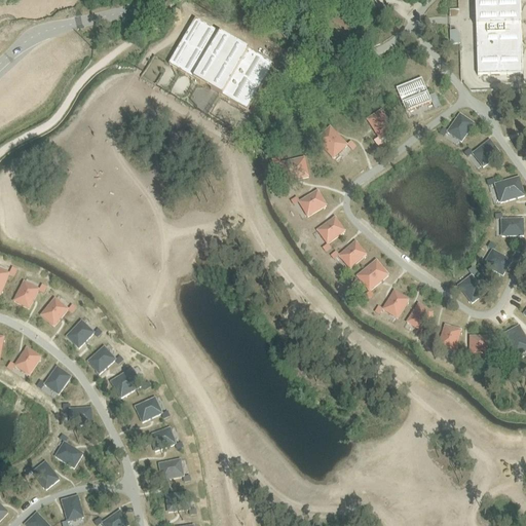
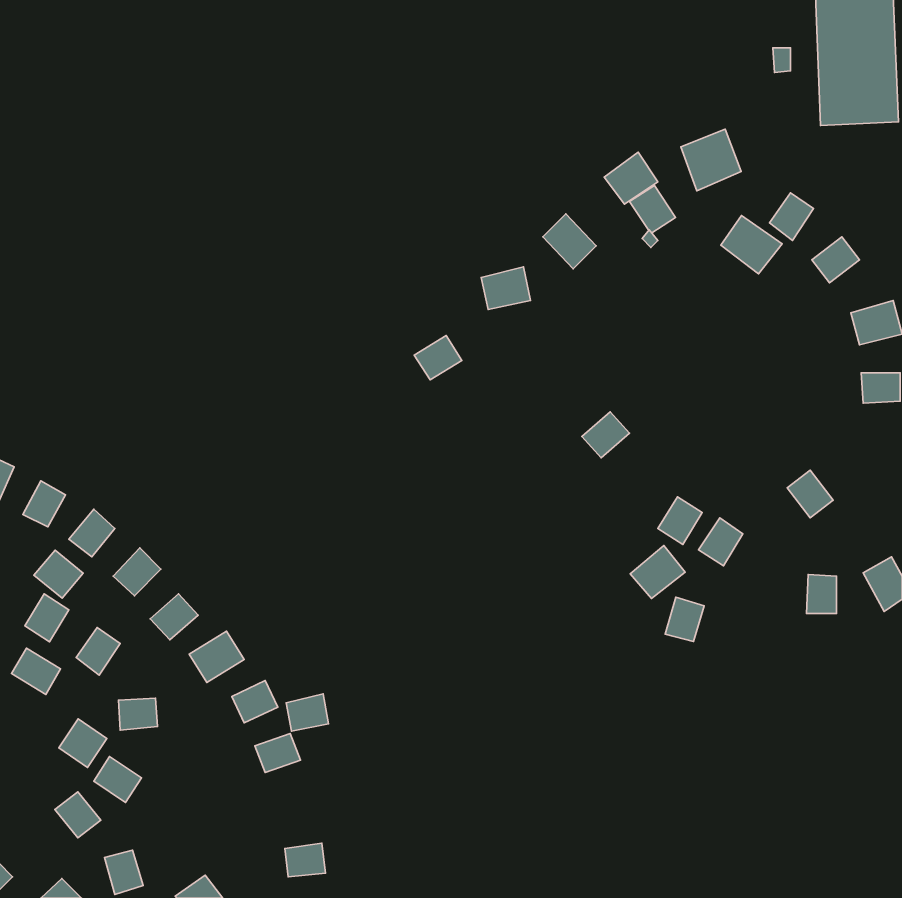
building: [167,16,273,108] -> none
building: none -> [604,152,658,204]
building: none -> [721,215,782,274]
building: [298,189,326,215] -> [414,336,462,380]
building: [316,215,344,241] -> none
building: [483,248,511,273] -> none
building: [356,258,388,289] -> [630,546,685,599]
building: none -> [34,550,83,598]
building: [438,323,460,348] -> [665,597,704,641]
building: none -> [12,648,61,694]
building: none -> [59,719,107,768]
building: [158,457,183,479] -> [286,694,329,731]

